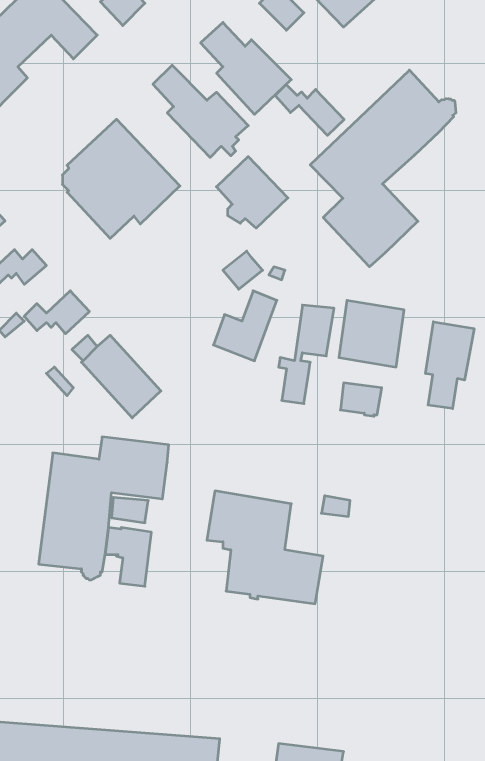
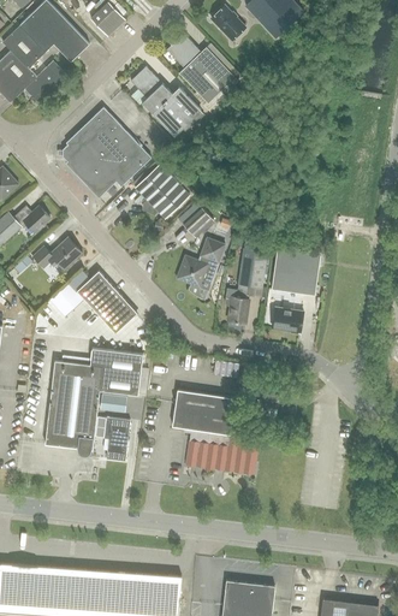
building: none -> [24,60,67,101]
building: [310,70,456,267] -> none
building: [275,84,344,135] -> none
building: [216,157,288,228] -> [136,164,190,218]
building: [426,322,474,409] -> none

